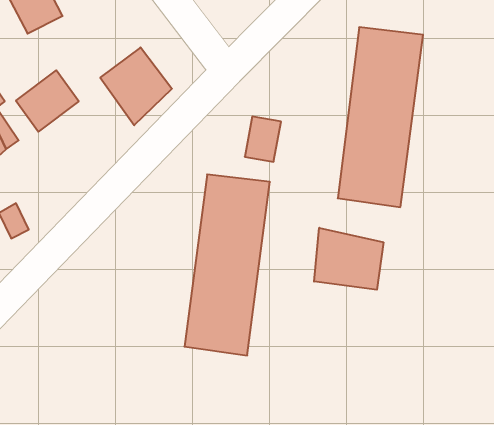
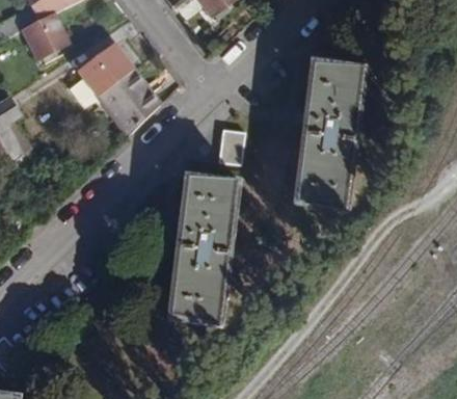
building: [16,70,79,132] -> [79,45,131,96]
building: [314,228,383,290] -> none

